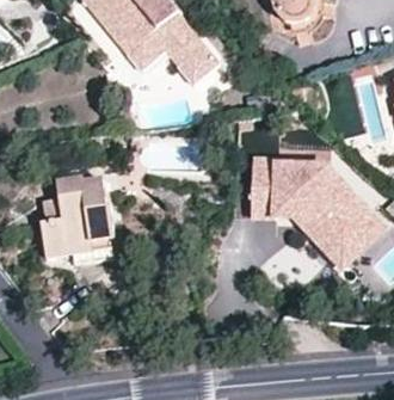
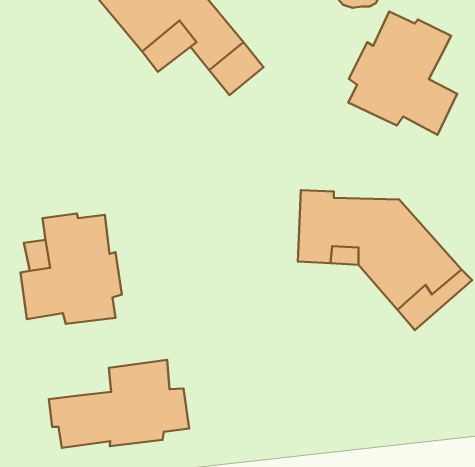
building: none -> [348,11,457,135]
building: none -> [49,360,189,448]

